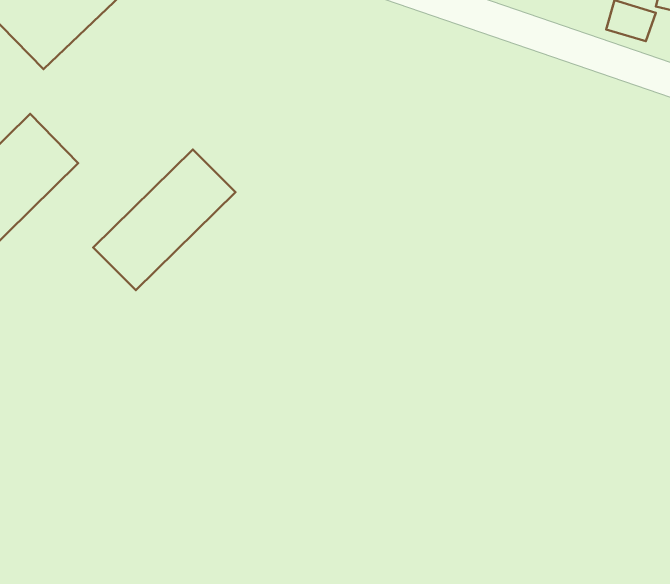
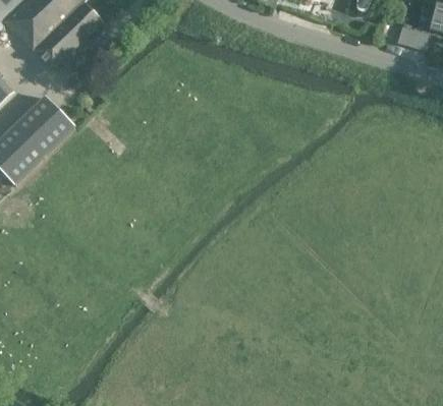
building: [93,150,236,290] -> none

